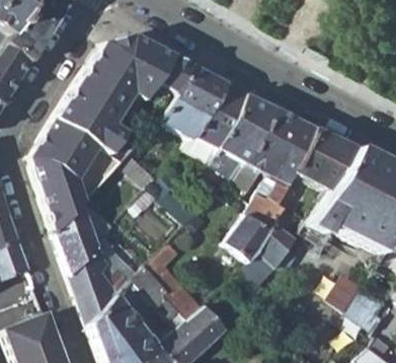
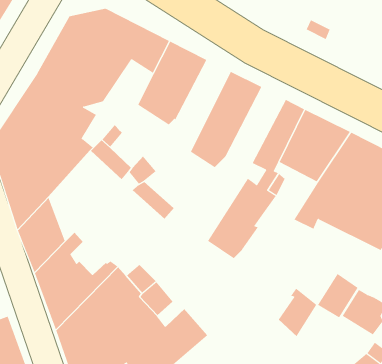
building: [184,82,246,165] -> none
building: [232,106,296,190] -> none
building: [257,225,293,270] -> [278,288,317,337]

